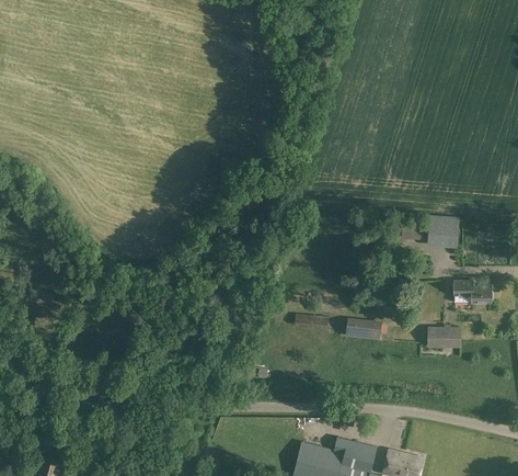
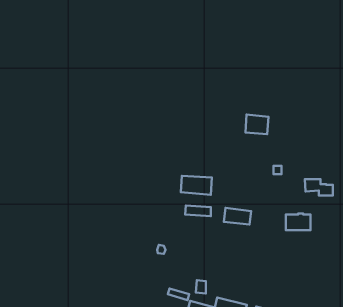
building: [428,217,459,243] -> [246,114,269,134]
building: none -> [181,176,212,195]

